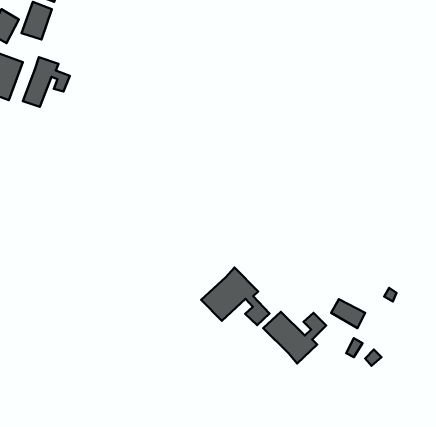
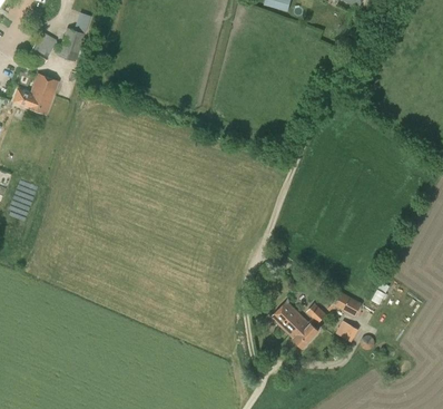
building: [23,57,70,107] -> none
building: [201,268,269,325] -> none

